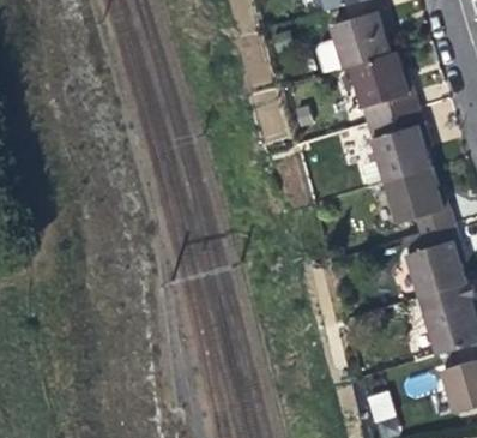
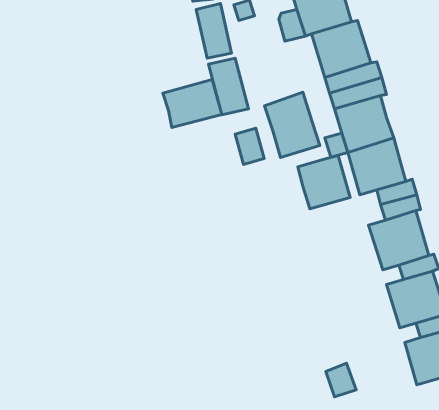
building: none -> [163,79,222,128]
building: none -> [264,92,320,158]
building: none -> [298,155,350,209]

